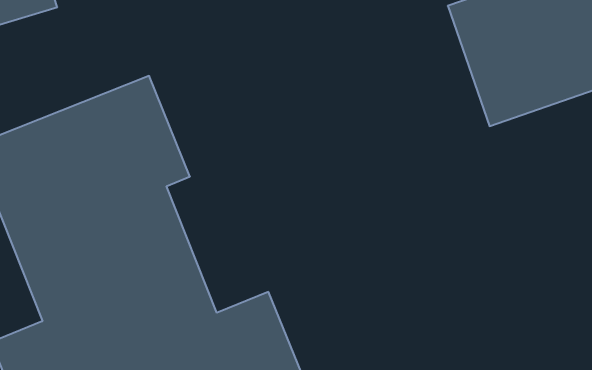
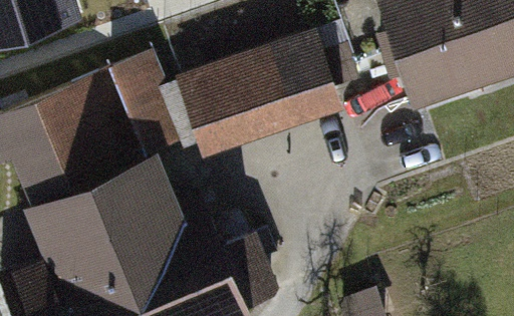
building: none -> [182,34,339,152]

